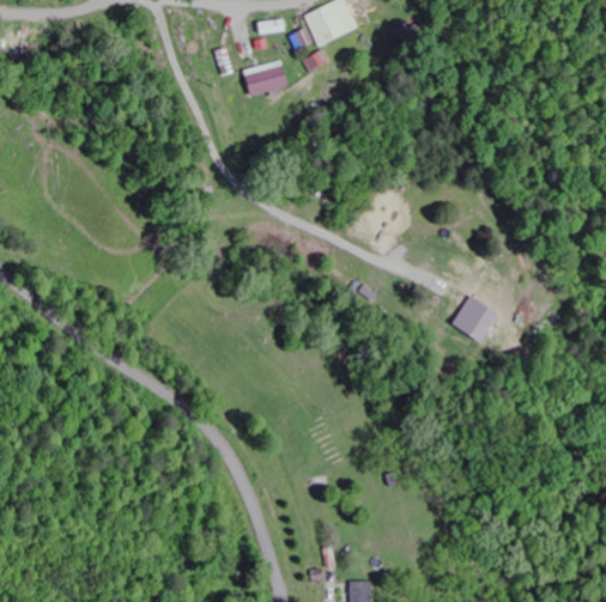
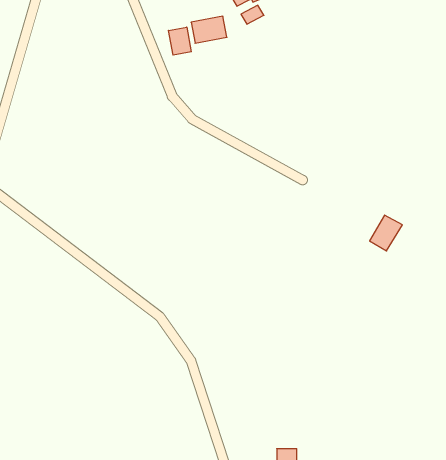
building: none -> [168,27,191,55]

